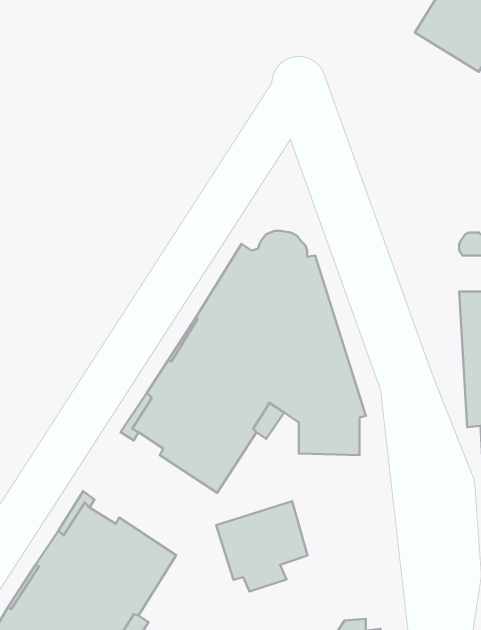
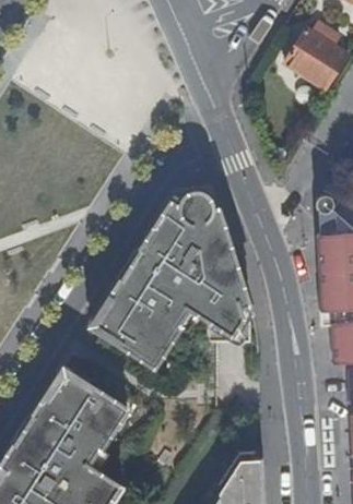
building: [216,501,308,592] -> none

